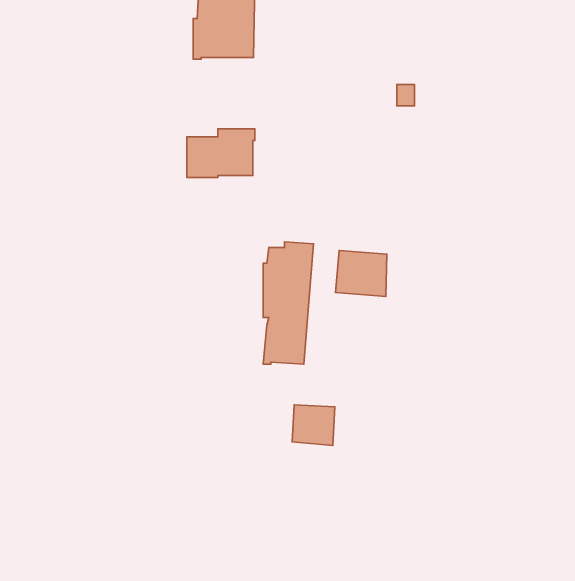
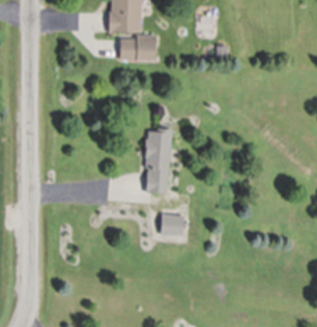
building: [187,129,255,178] -> [120,34,156,60]
building: [336,250,387,296] -> none

